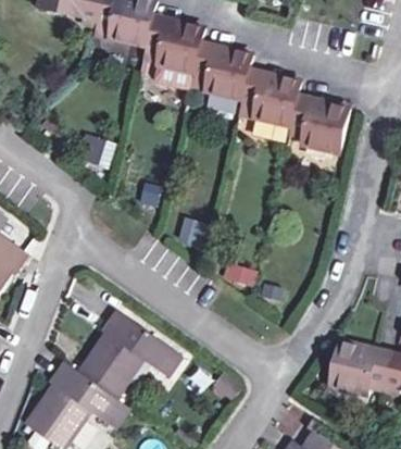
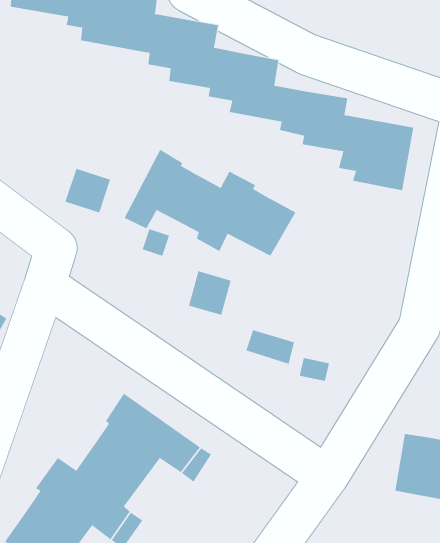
building: none -> [124,149,296,257]

